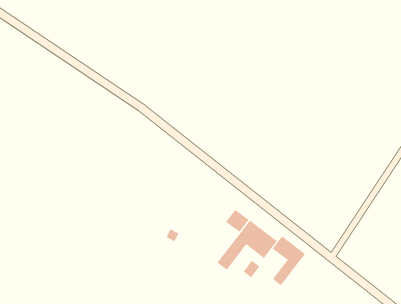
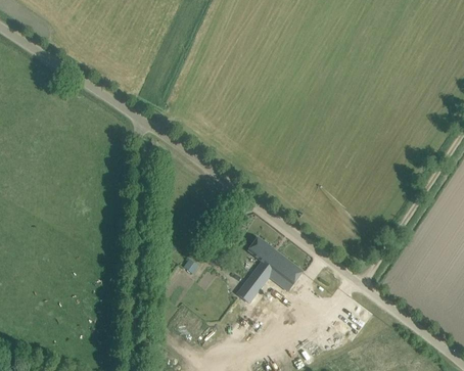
building: [272,235,306,286] -> none

